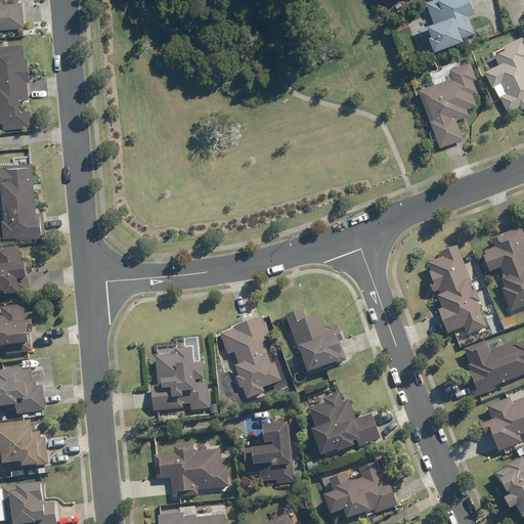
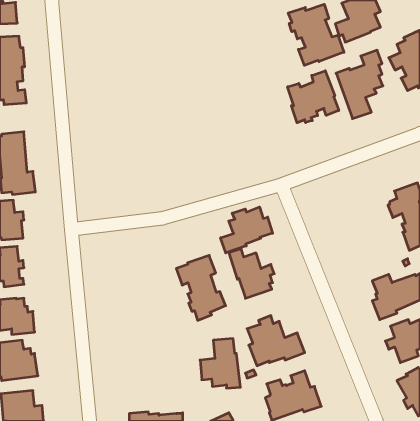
building: none -> [288,4,344,65]
building: none -> [288,71,339,123]
building: [431,245,489,334] -> none
building: none -> [221,207,273,253]
building: [155,346,211,409] -> none
building: [154,443,227,496] -> none

